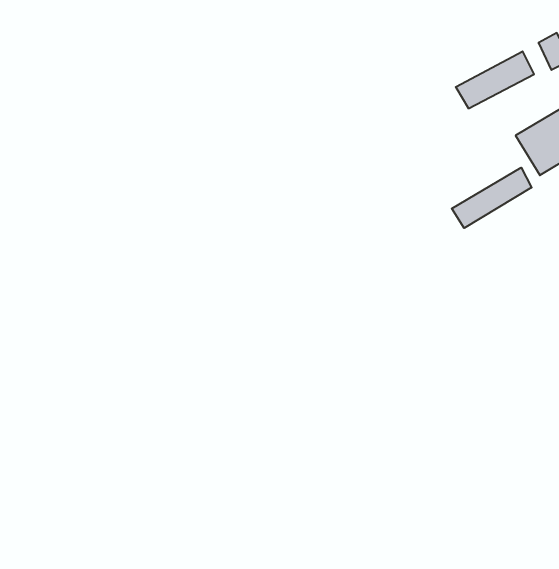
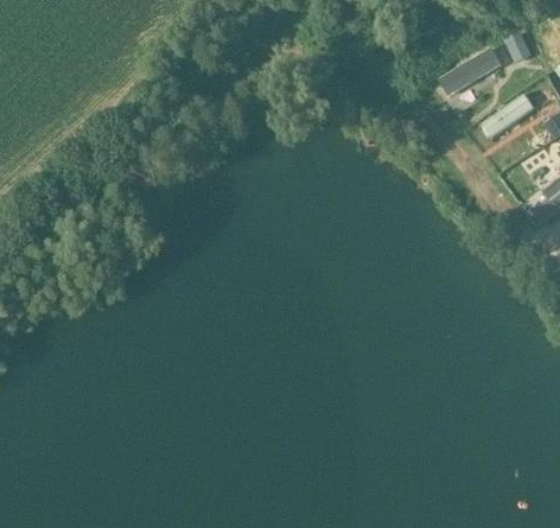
building: [452,168,532,228] -> none

